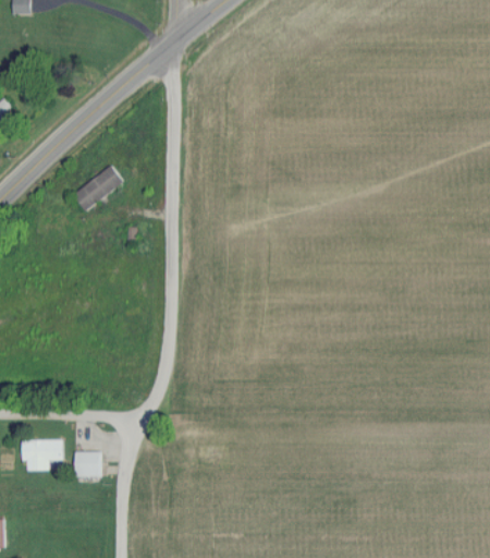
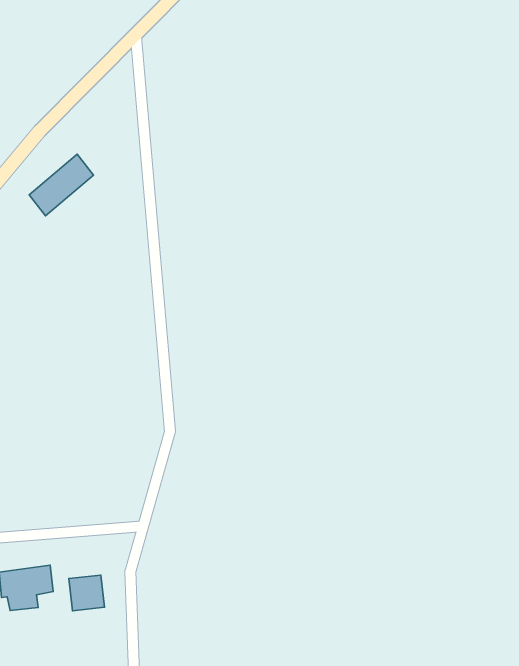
building: [72,166,123,210] -> [29,154,93,216]

